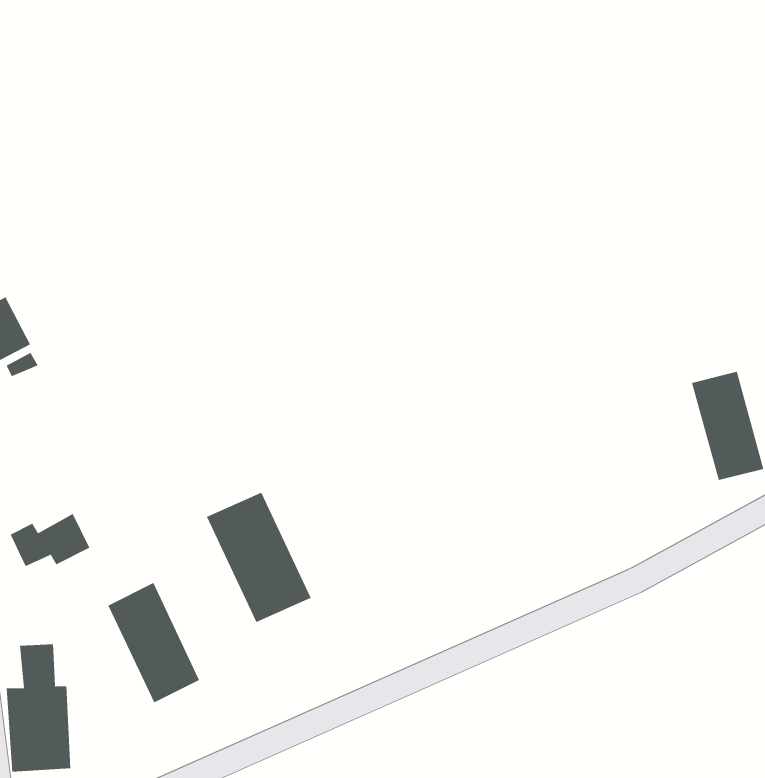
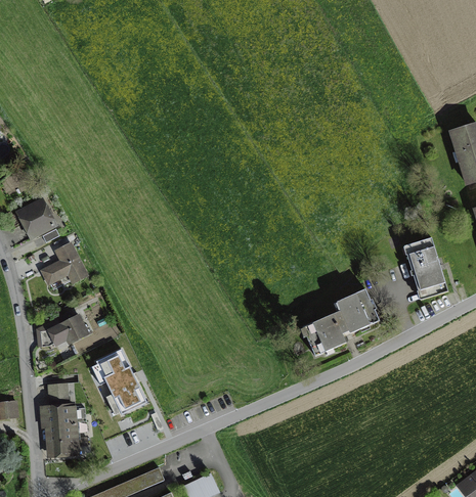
building: none -> [43,245,84,282]
building: none -> [302,290,378,356]
building: [206,492,311,623] -> none

